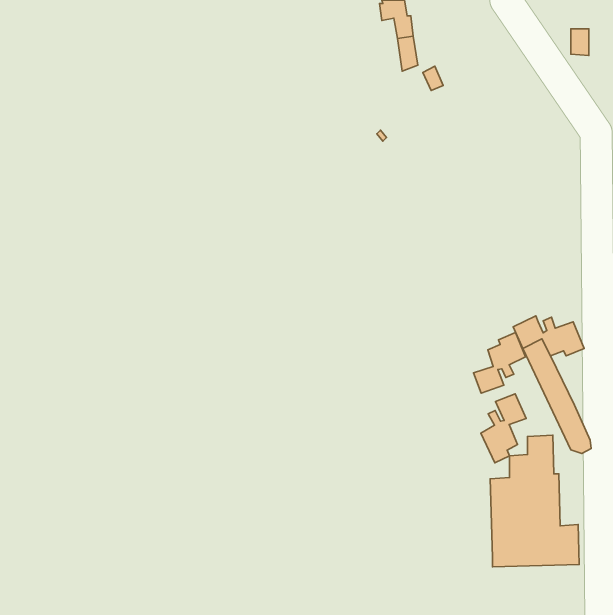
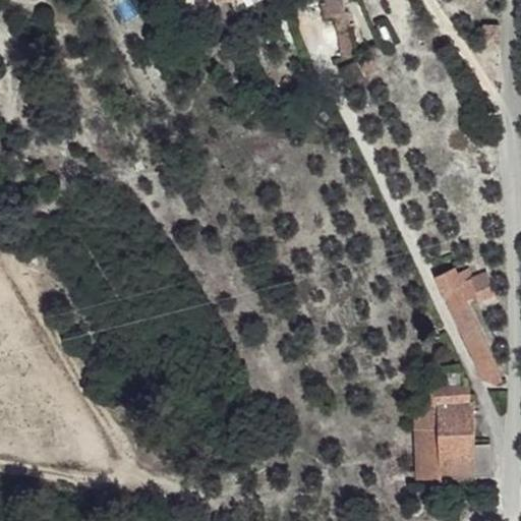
building: [474,333,526,393] -> none
building: [481,394,526,463] -> none

